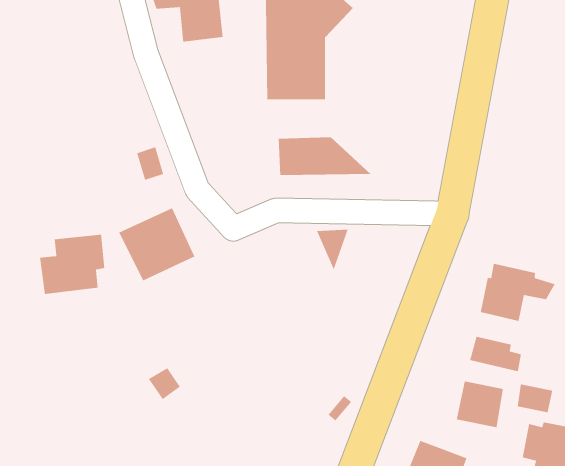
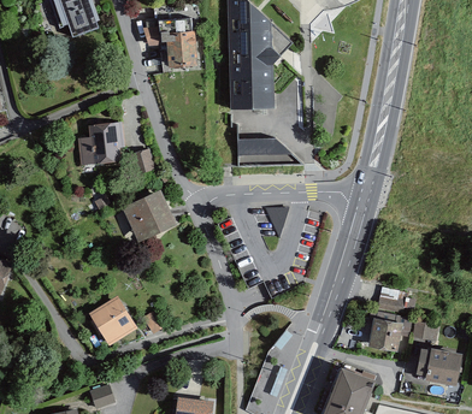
building: [39,234,105,295] -> [77,122,125,166]
building: [480,263,556,322] -> none
building: none -> [89,291,137,342]

